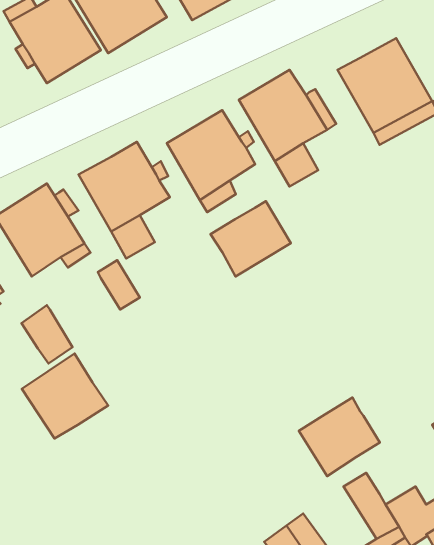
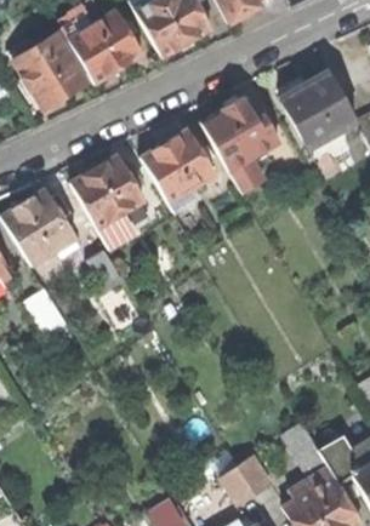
building: [210,201,291,276] -> none
building: [22,354,108,438] -> none
building: [299,398,380,476] -> none

